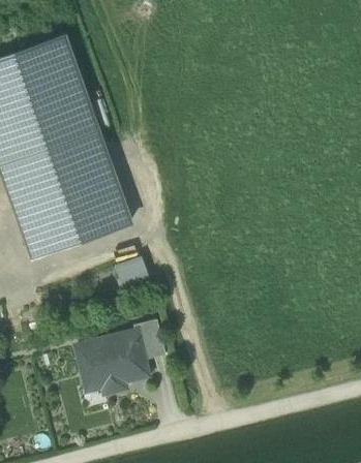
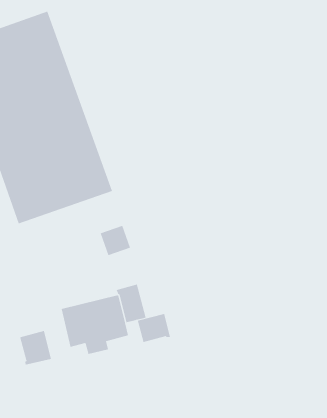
building: none -> [137,313,170,343]
building: none -> [20,330,51,366]

